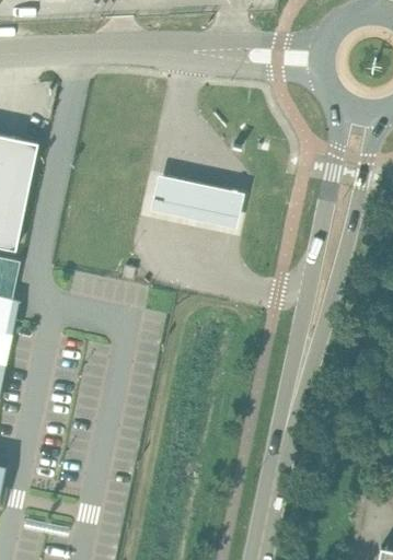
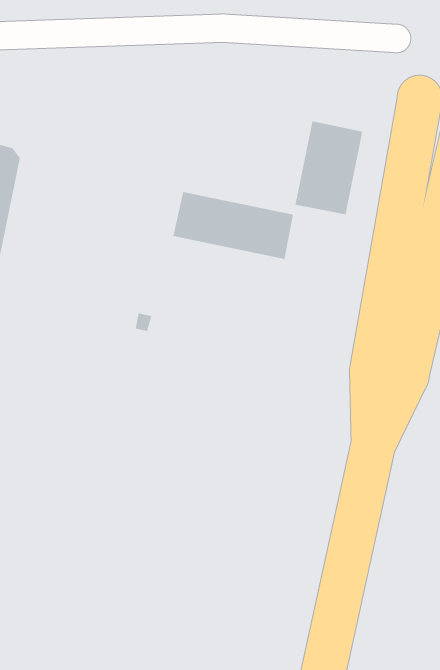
building: none -> [295,120,363,215]

